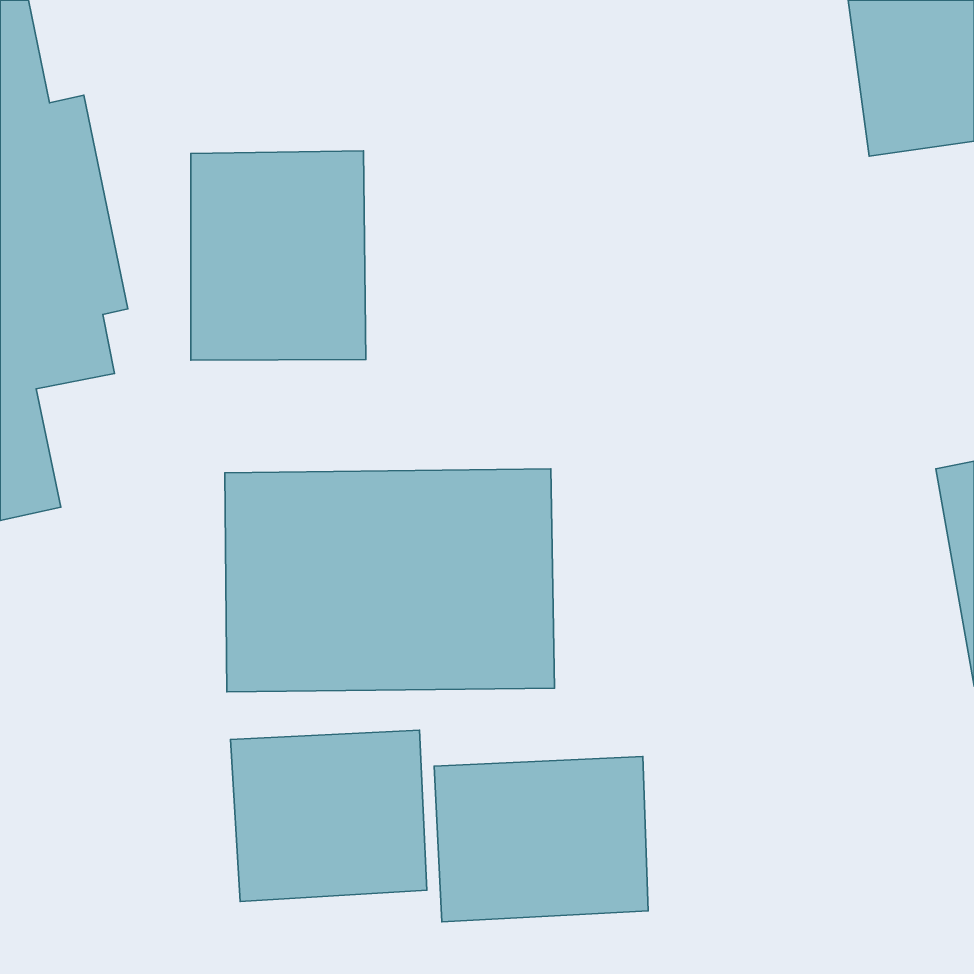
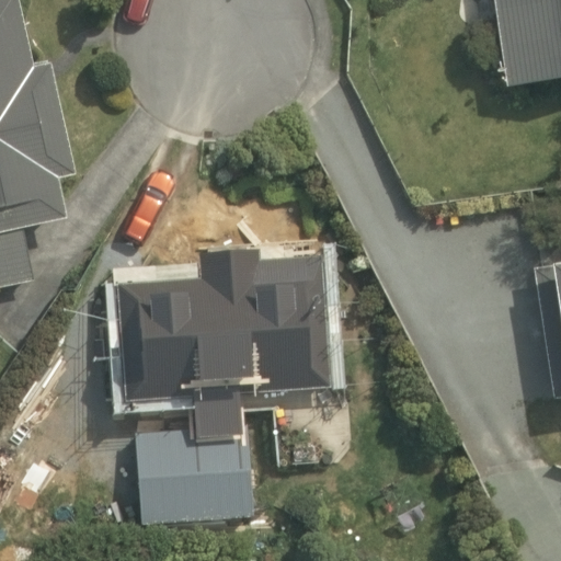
building: [191,151,366,360] -> none
building: [434,757,648,922] -> none

